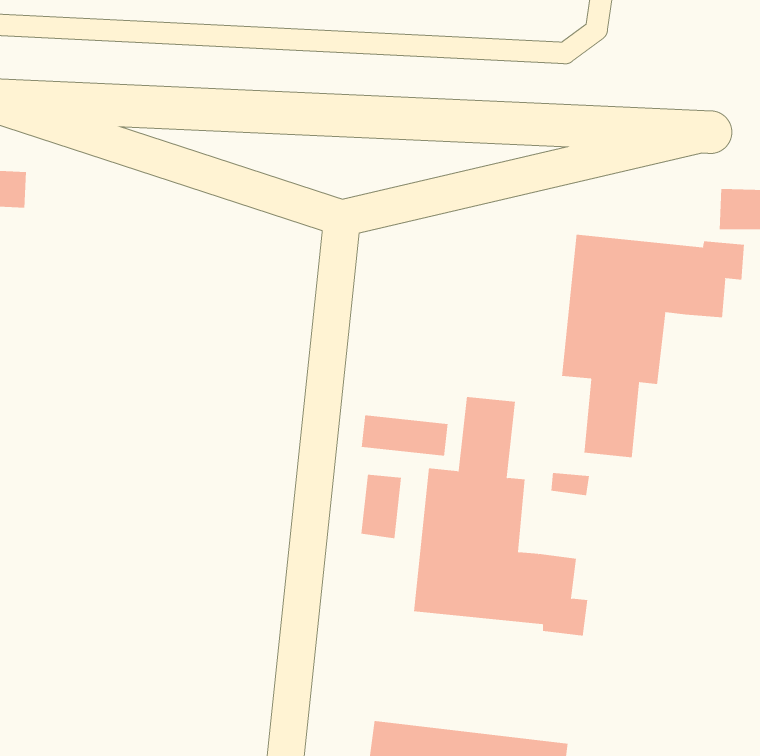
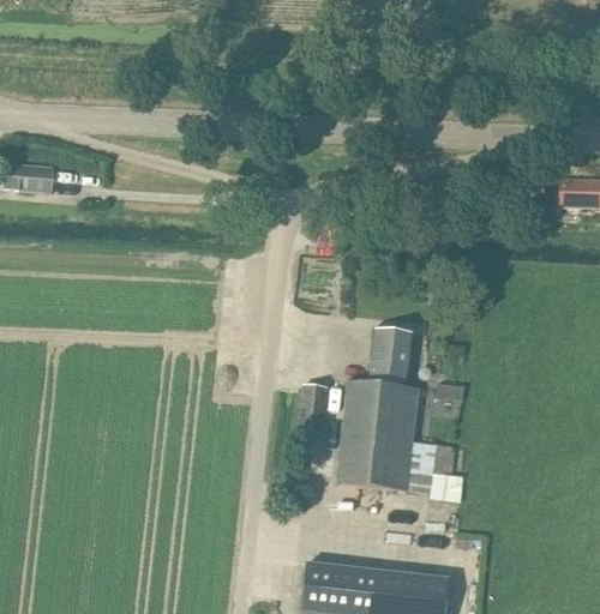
building: [562,234,745,458] -> none
building: [361,414,448,457] -> none

